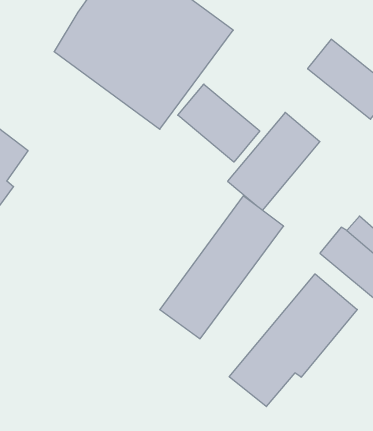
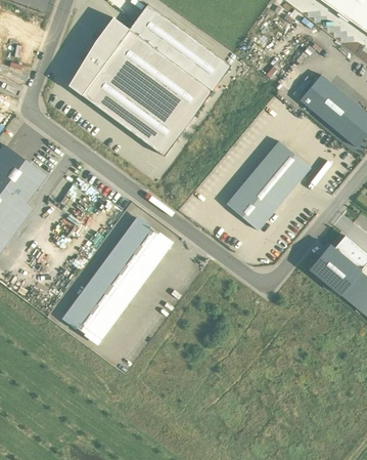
building: [178,84,260,162] -> none
building: [160,196,284,339] -> [62,215,175,345]
building: [229,274,357,407] -> none

